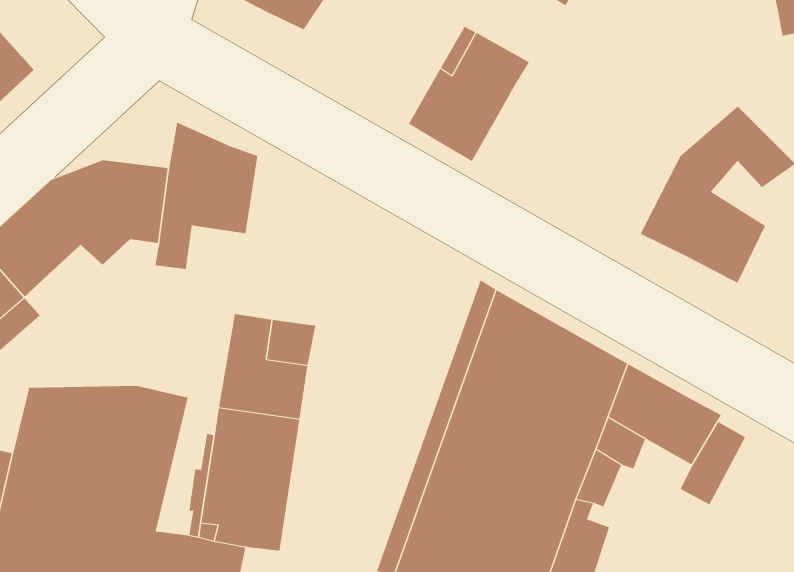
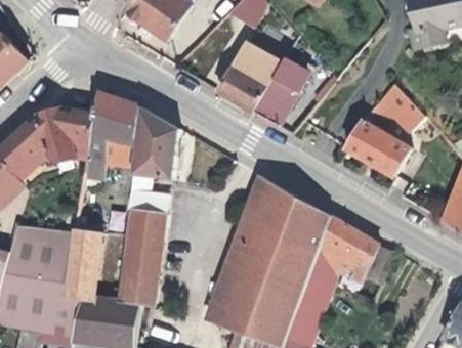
building: none -> [251,73,294,123]
building: none -> [130,107,176,180]

